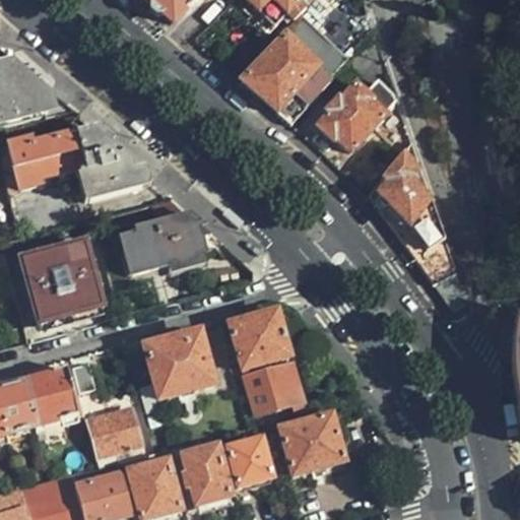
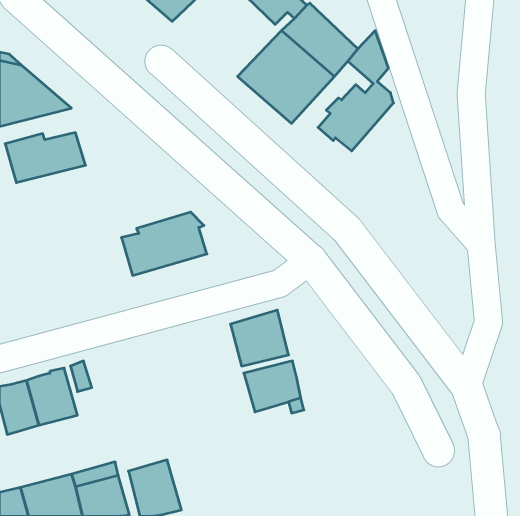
building: [75,126,150,199] -> none
building: [377,140,457,284] -> none
building: [22,242,104,322] -> none
building: [144,332,212,397] -> none
building: [88,407,139,452] -> none
building: [280,411,346,471] -> none
building: [230,437,272,483] -> none
building: [184,445,231,502] -> none

